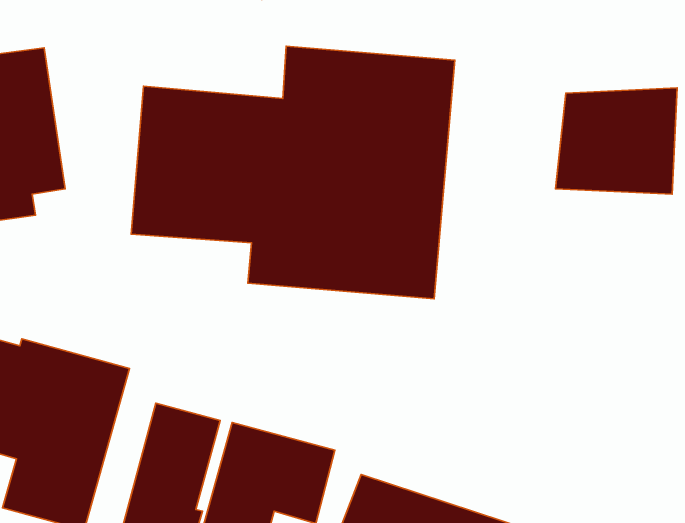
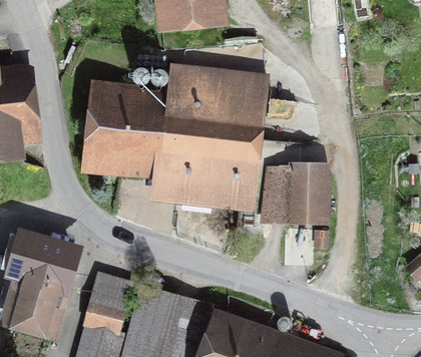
building: [555,88,677,194] -> [260,163,330,225]

